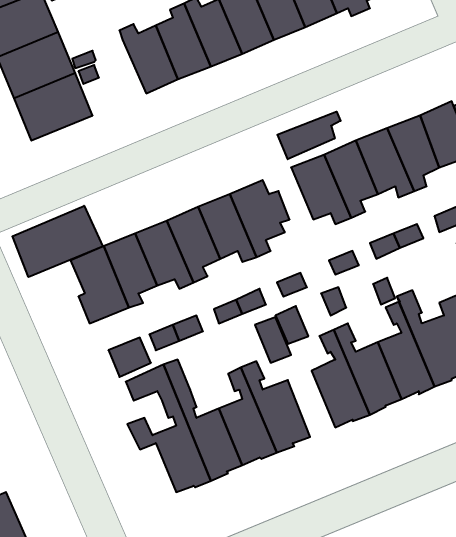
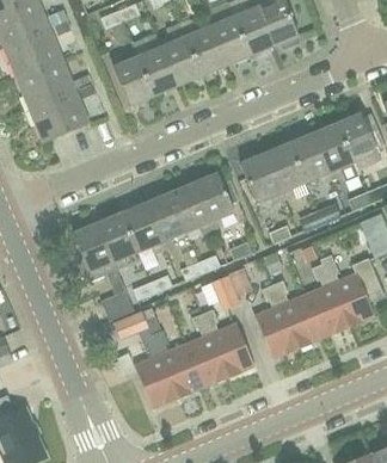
building: [277,112,341,159] -> none
building: [12,206,103,277] -> none

